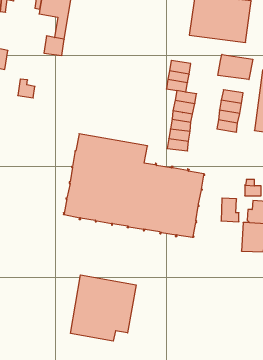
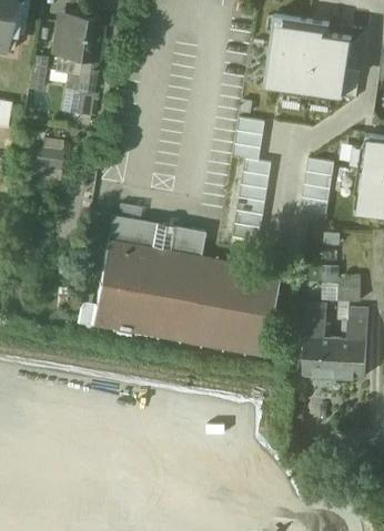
building: [218,54,253,80] -> none
building: none -> [303,336,335,377]
building: [71,275,136,341] -> none

